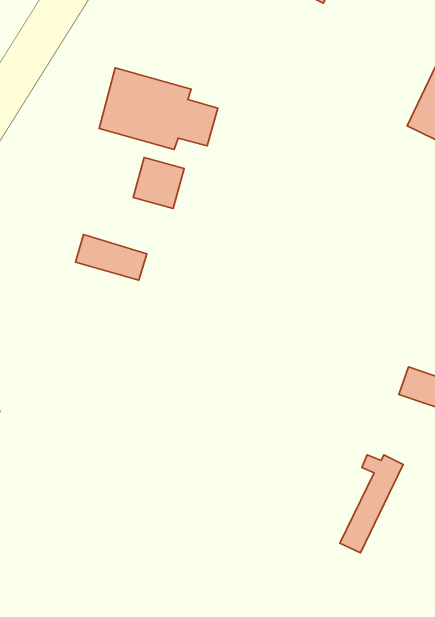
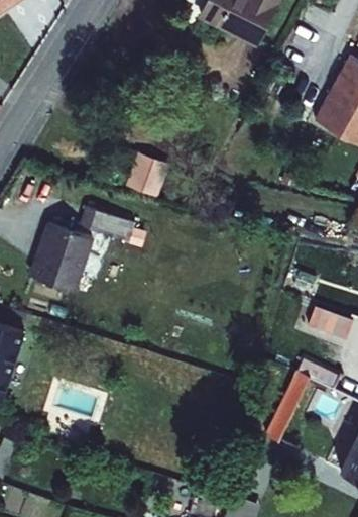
building: [99,68,218,149] -> none
building: none -> [26,224,86,291]

